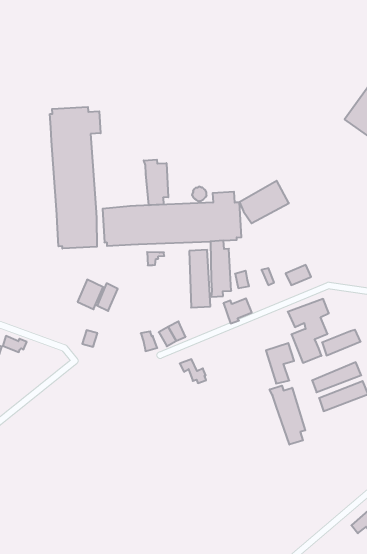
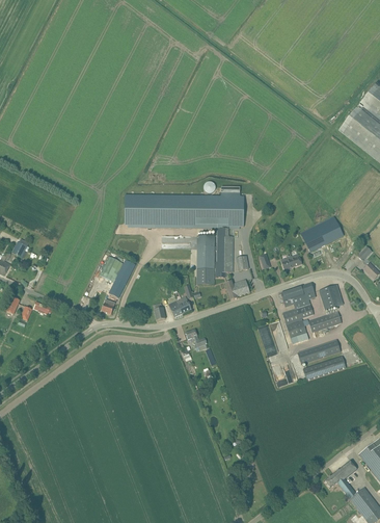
building: [50,107,101,249] -> none
building: [144,160,168,205] -> none
building: [239,181,289,223] -> [301,215,344,251]
building: none -> [319,284,343,309]
building: [270,386,305,445] -> none

